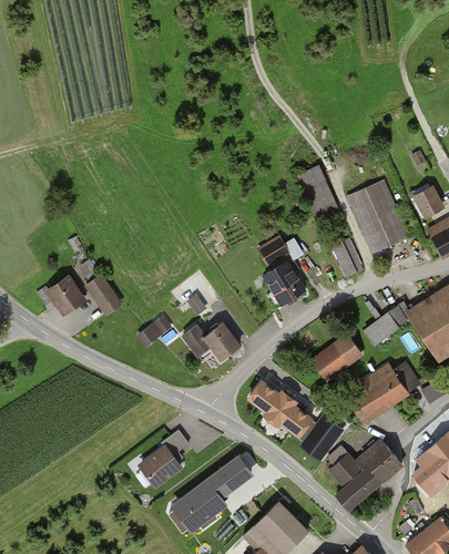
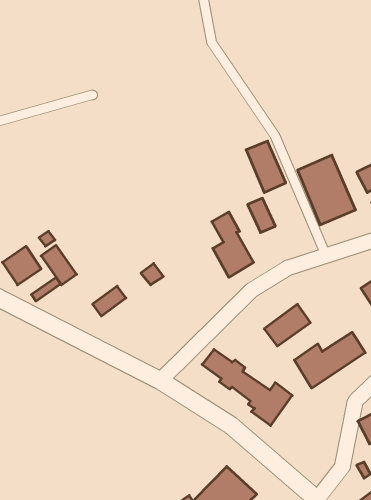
building: [335,239,364,275] -> [248,198,275,233]
building: [363,307,405,345] -> none
building: [182,324,238,360] -> none
building: [137,430,191,486] -> none
building: [328,442,399,506] -> none
building: [176,458,253,527] -> none

